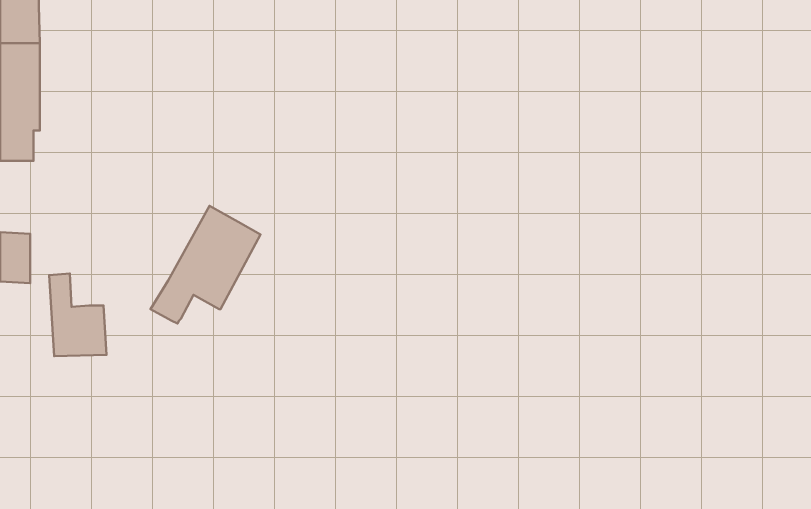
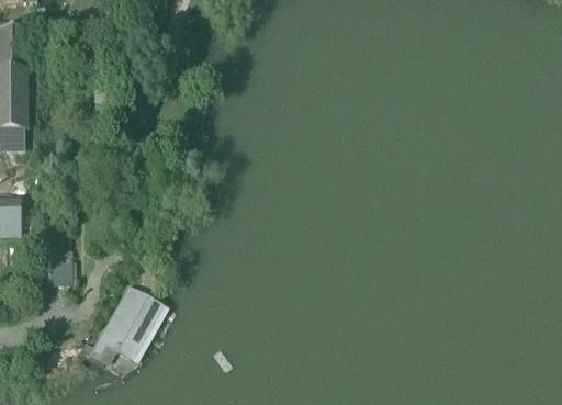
building: [151,206,260,324] -> [88,288,164,369]

